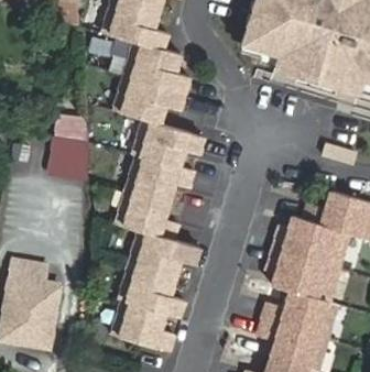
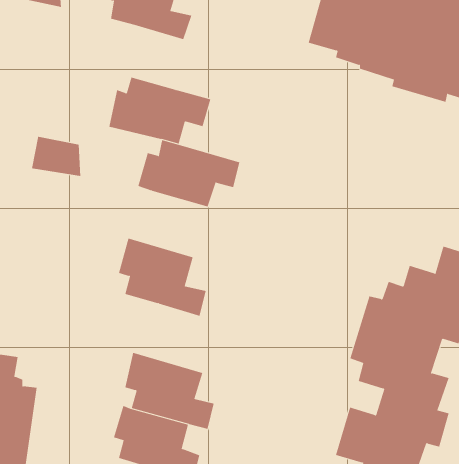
building: [120,40,183,84] -> none
building: [48,138,89,178] -> none
building: [121,153,189,198] -> none
building: [124,230,195,277] -> none

